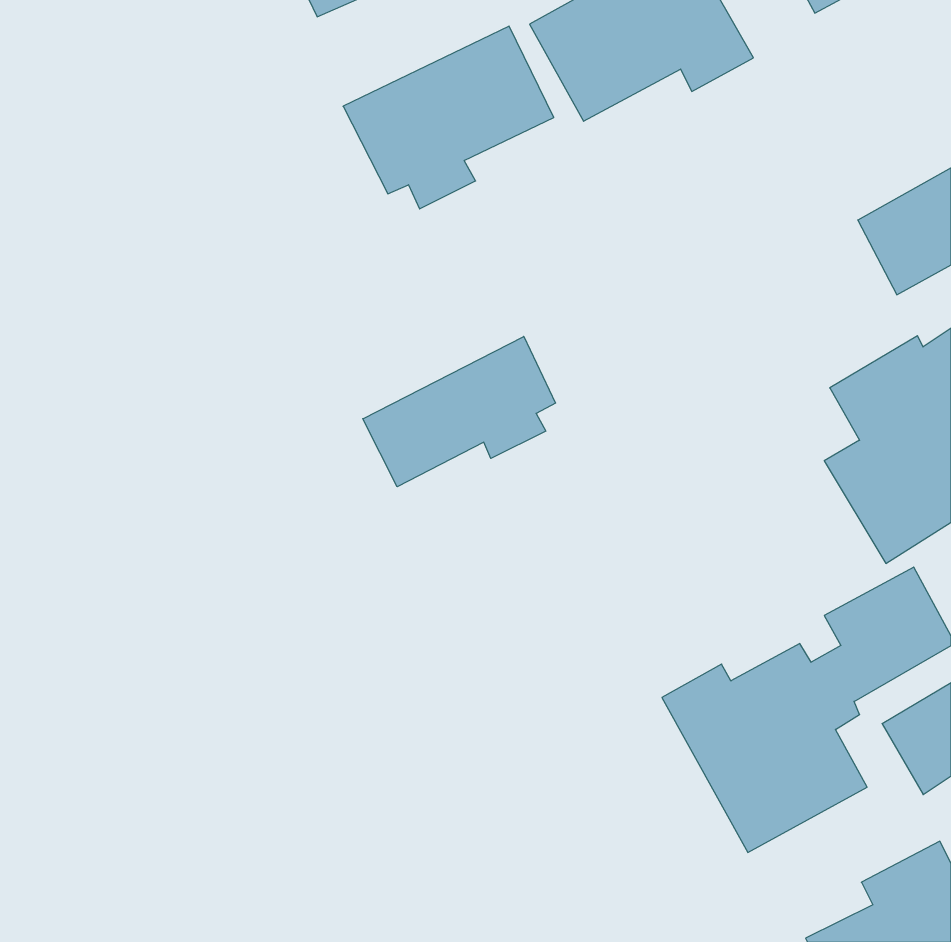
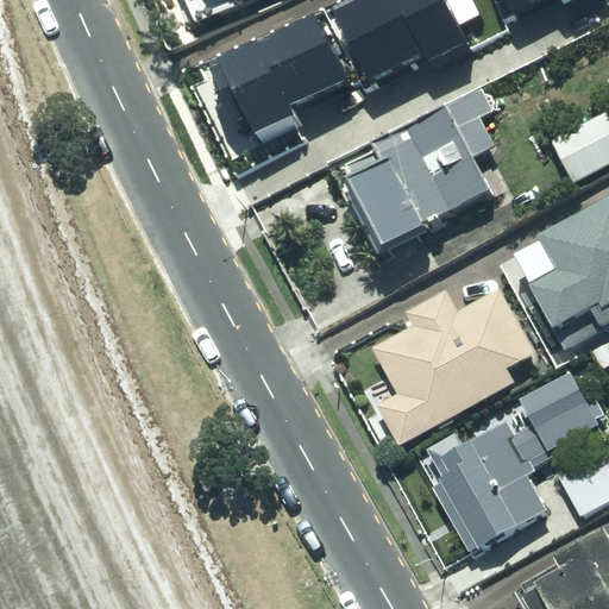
building: none -> [351,92,504,258]
building: [363,336,556,487] -> none
building: none -> [370,291,535,450]

